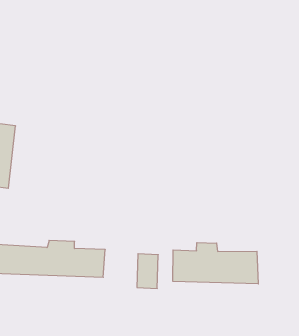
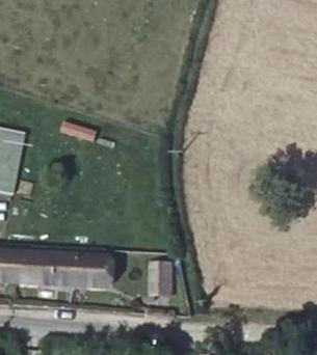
building: [173,243,258,284] -> none

